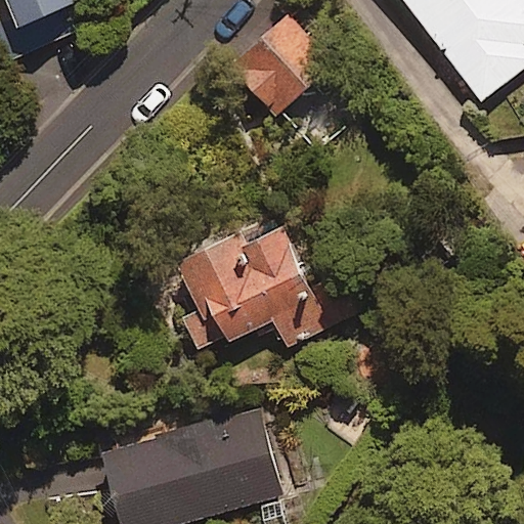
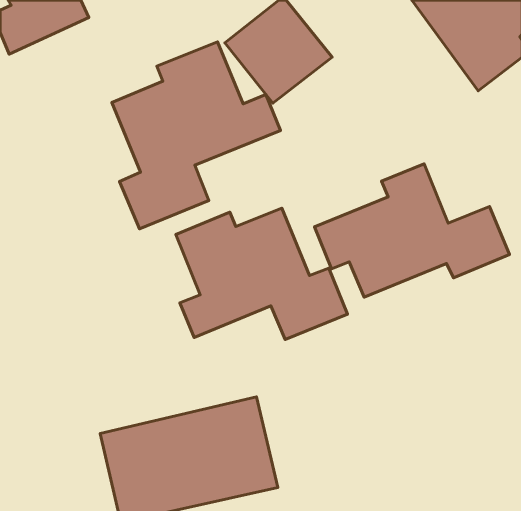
building: none -> [112,42,280,229]
building: none -> [315,164,509,297]

